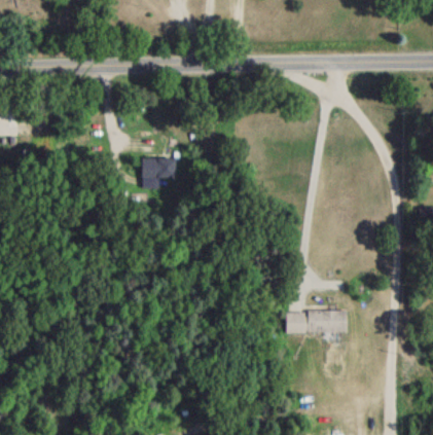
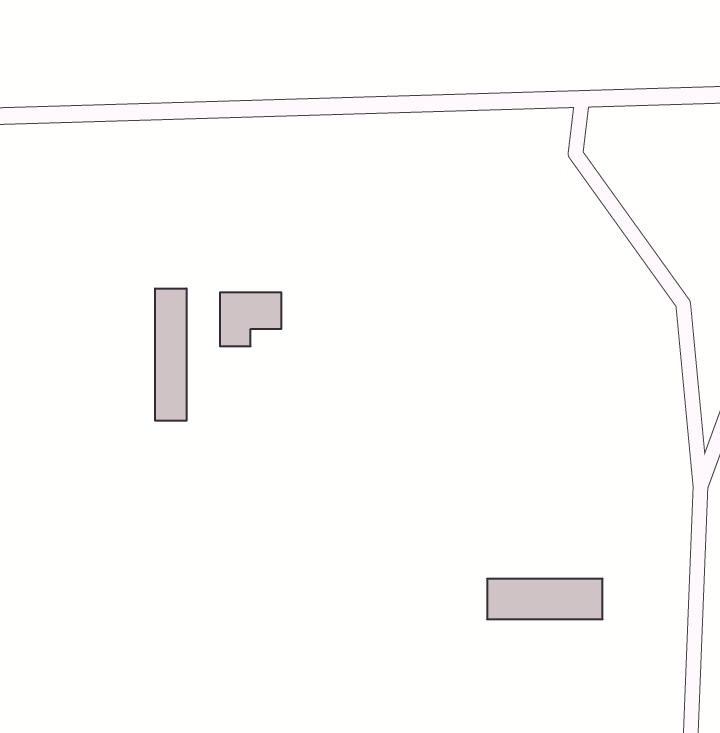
building: none -> [155,288,187,421]

